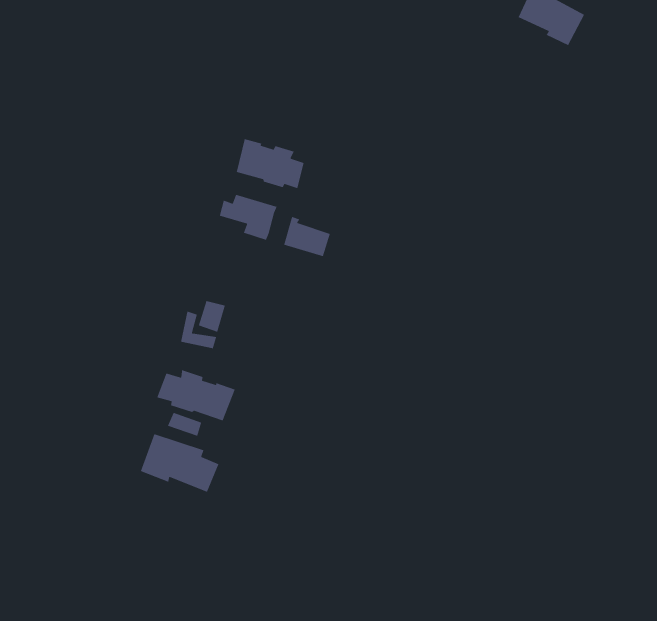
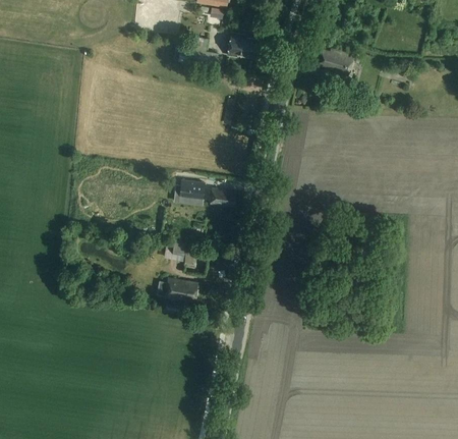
building: [236,138,305,189] -> none
building: [140,433,219,493] -> none

